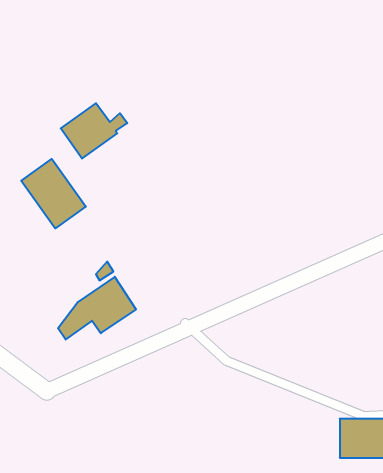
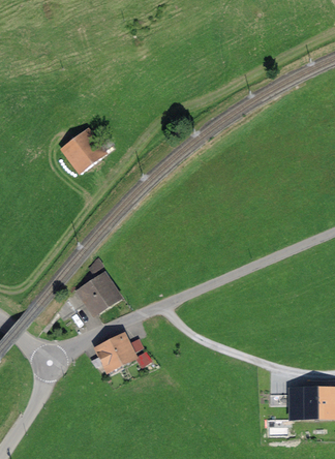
building: [21,159,86,228] -> none
building: none -> [94,331,139,372]

